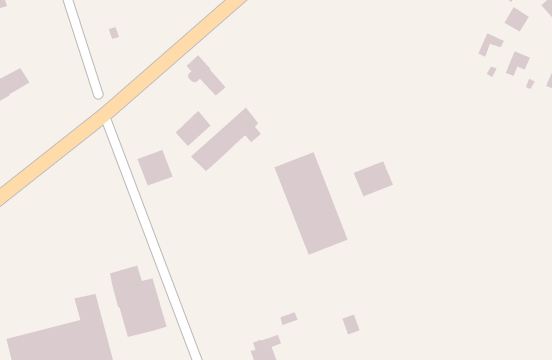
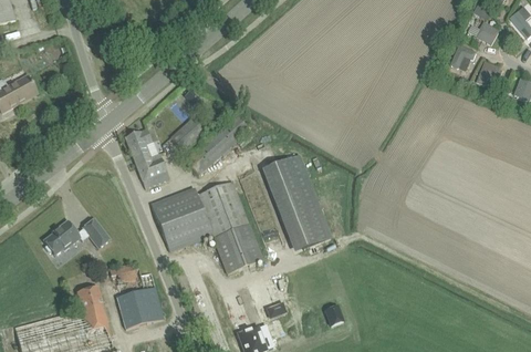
building: [186,55,226,96] -> none
building: none -> [125,128,152,162]
building: [353,161,394,197] -> none
building: none -> [154,180,262,272]
building: none -> [43,218,110,255]

